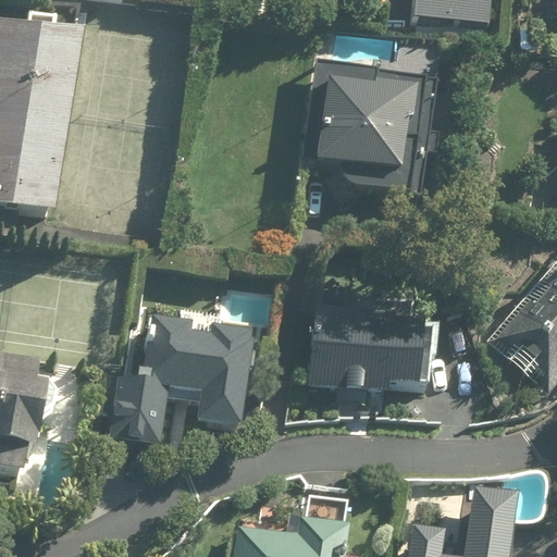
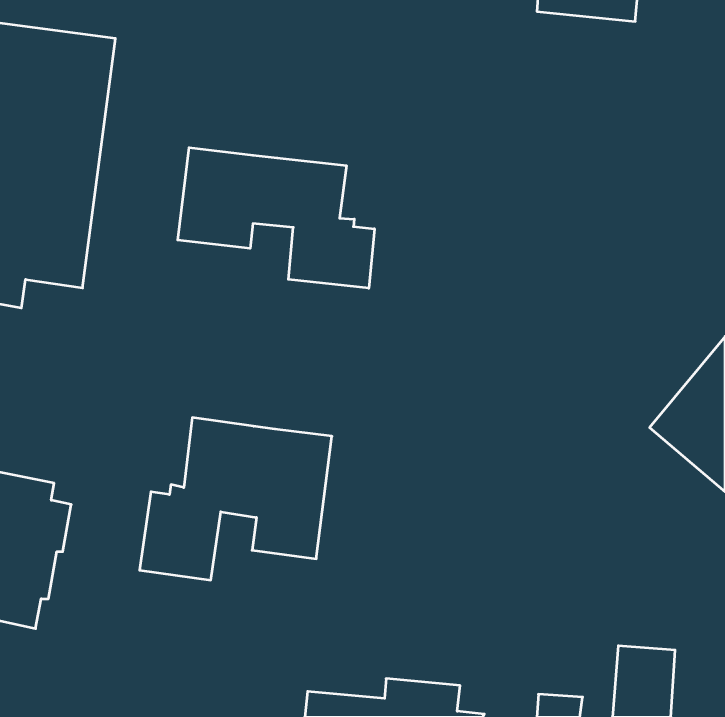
building: [297,58,429,201] -> none
building: none -> [178,148,374,288]
building: [306,287,426,393] -> none

